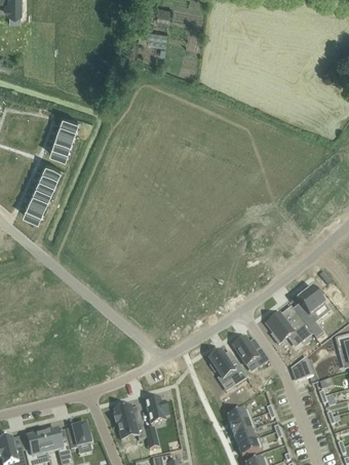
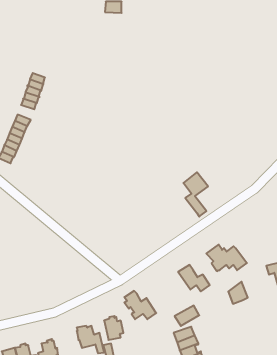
building: [297,286,325,338] -> [183,172,208,217]
building: [209,351,246,384] -> [124,291,156,319]

